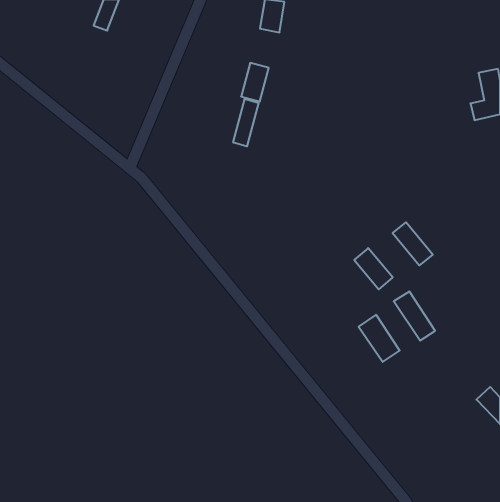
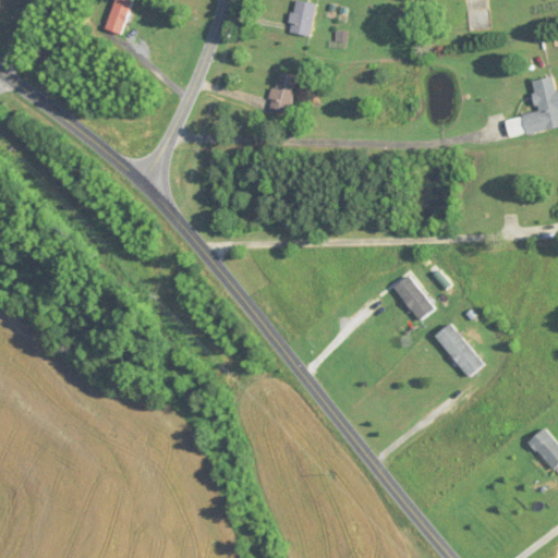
building: [233,99,259,146] -> none
building: [393,222,433,265] -> none
building: [359,315,400,362] -> none

